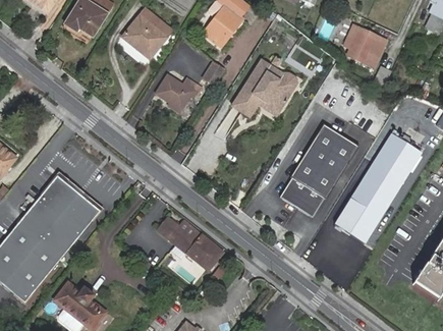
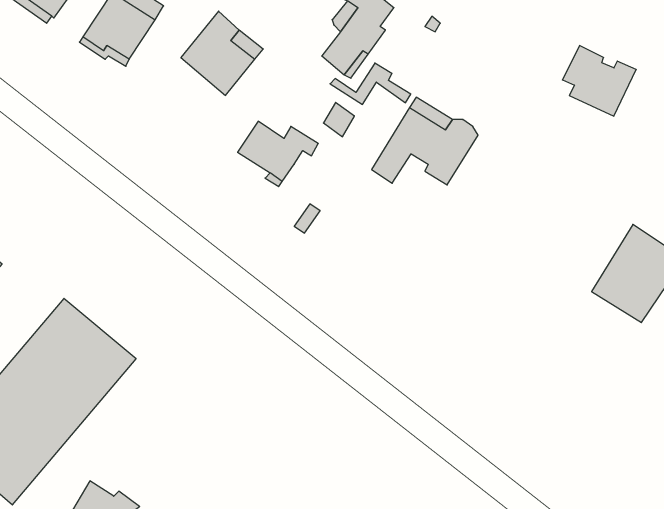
building: [232,92,280,116] -> [330,63,411,104]
building: [279,122,358,218] -> none
building: [334,173,395,243] -> none
building: [158,217,223,268] -> none

